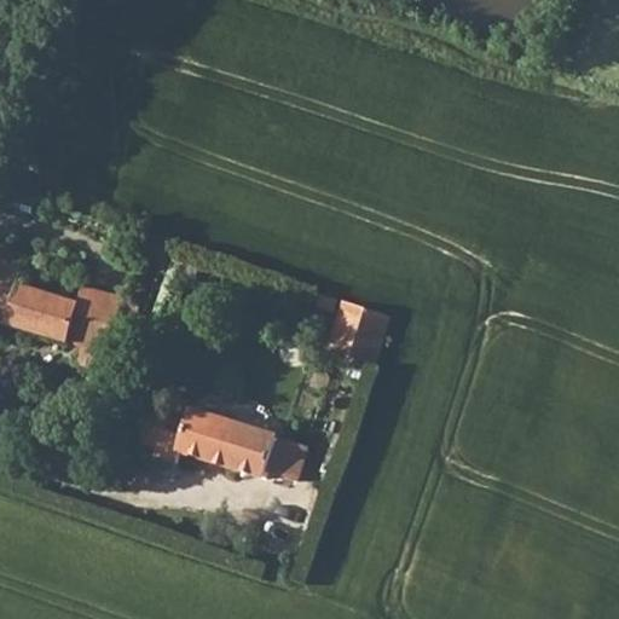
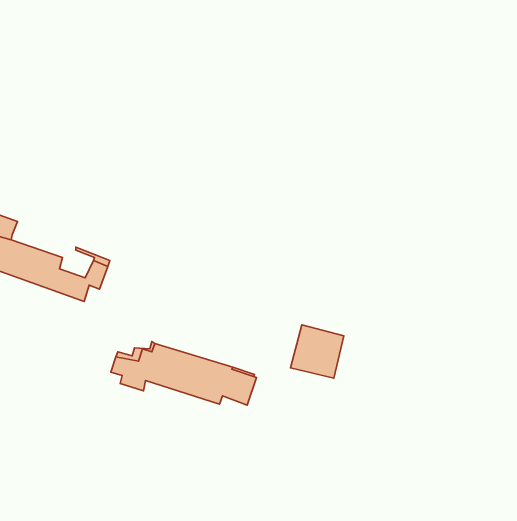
building: [325,296,388,359] -> [291,325,344,378]

